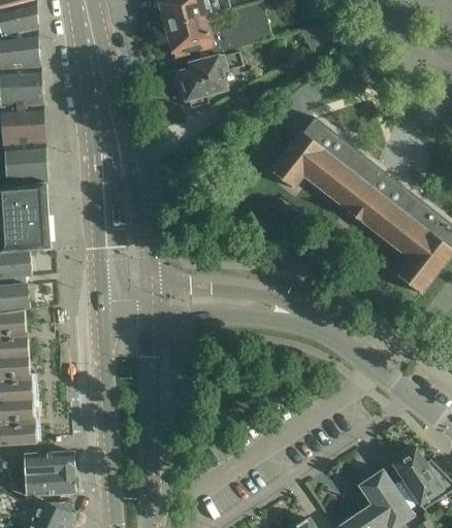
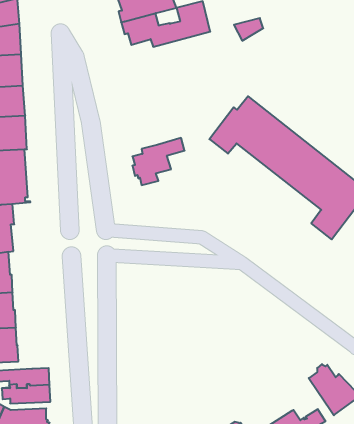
building: [177,51,241,108] -> [132,138,185,185]
building: [358,470,402,516] -> none

